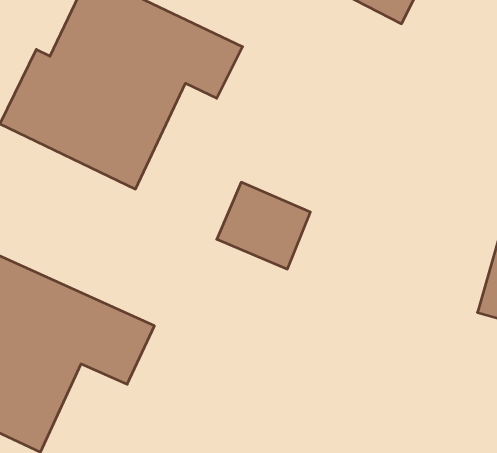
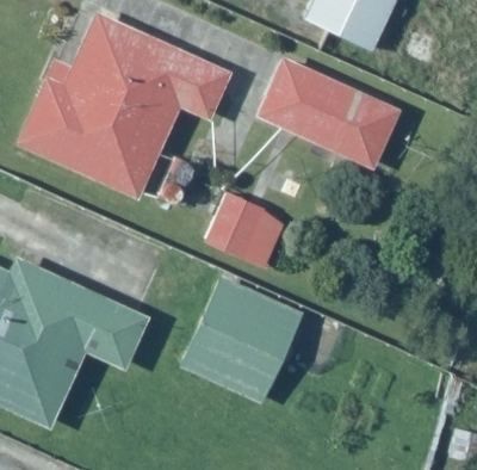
building: none -> [260,51,408,173]
building: none -> [180,272,306,407]

